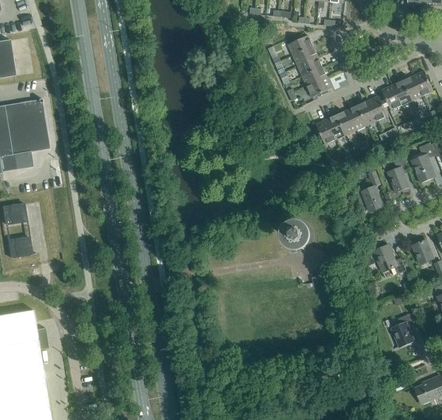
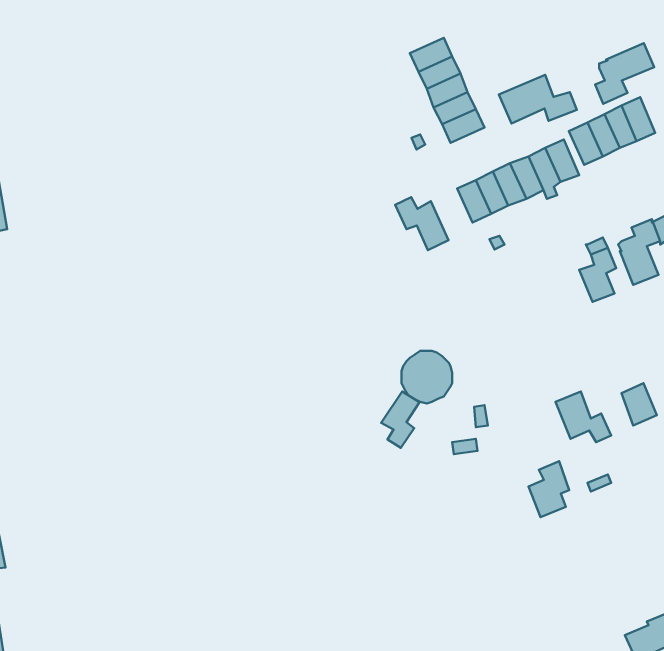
building: none -> [595,43,654,104]
building: none -> [499,75,577,123]
building: none -> [395,197,448,250]
building: [362,171,383,211] -> none
building: none -> [381,392,420,448]
building: [392,313,416,346] -> [529,461,569,517]

